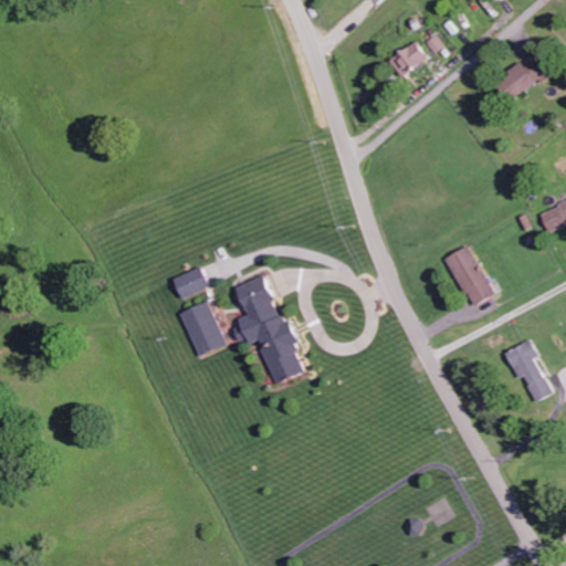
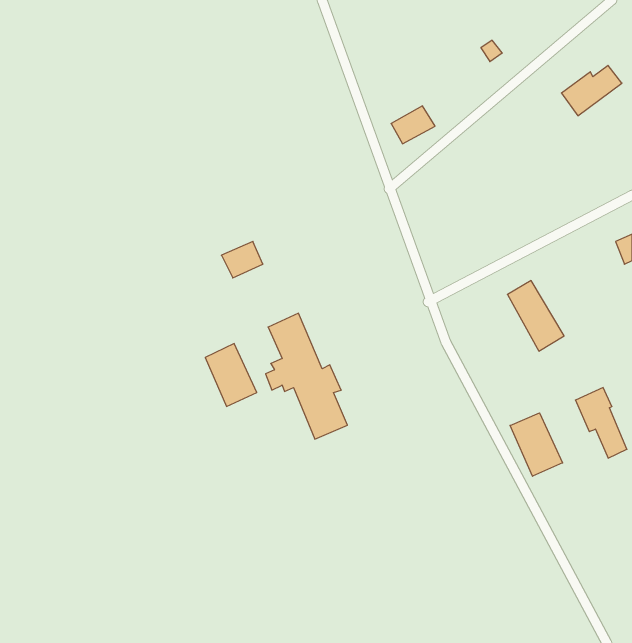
building: [387,43,426,76] -> [391,106,435,144]
building: [172,266,209,298] -> [221,241,263,278]
building: none -> [510,413,563,476]

